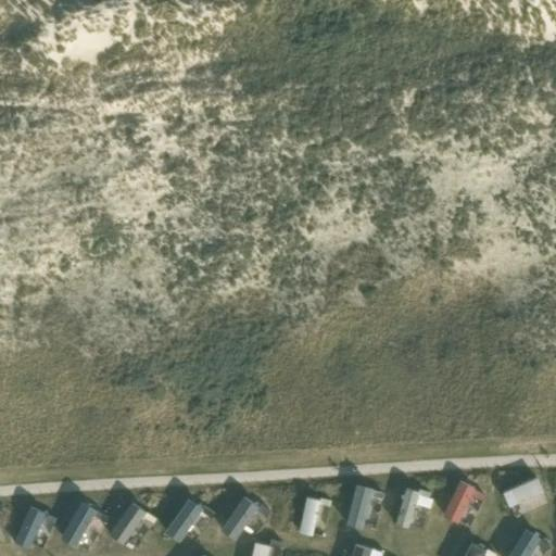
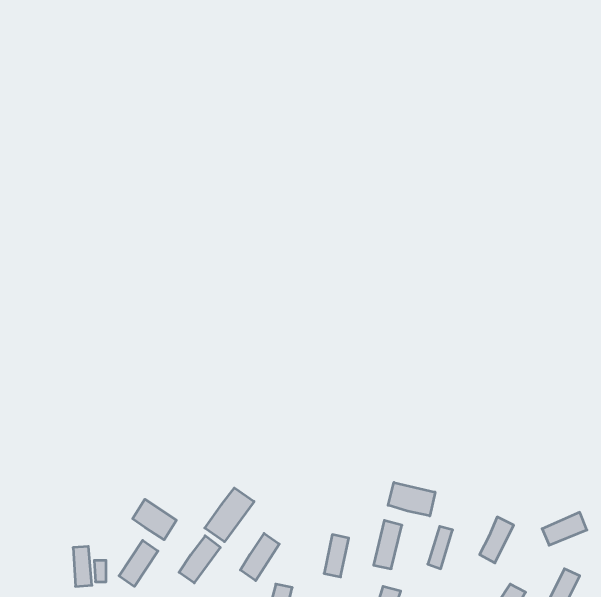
building: none -> [388,482,435,516]
building: none -> [205,488,254,542]
building: none -> [133,499,176,540]
building: [18,508,41,549] -> none

